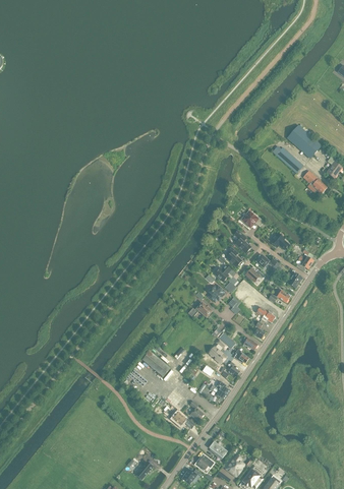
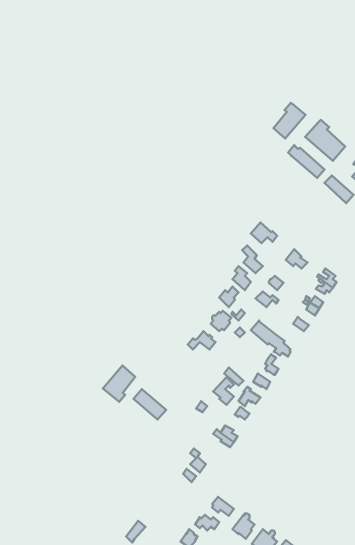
building: none -> [274,103,306,138]
building: none -> [103,365,135,402]

